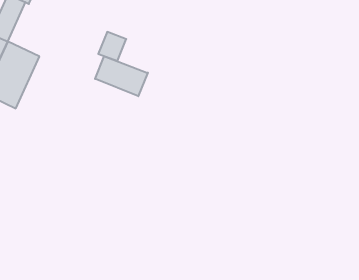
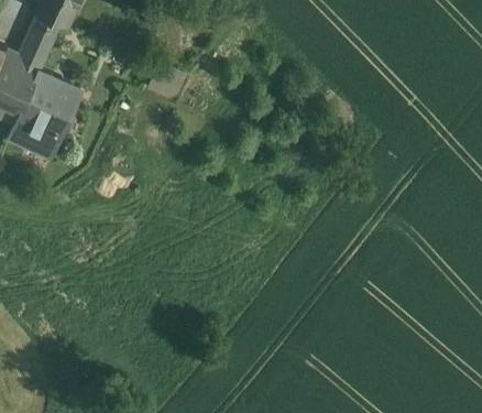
building: [95,56,148,96] -> none

